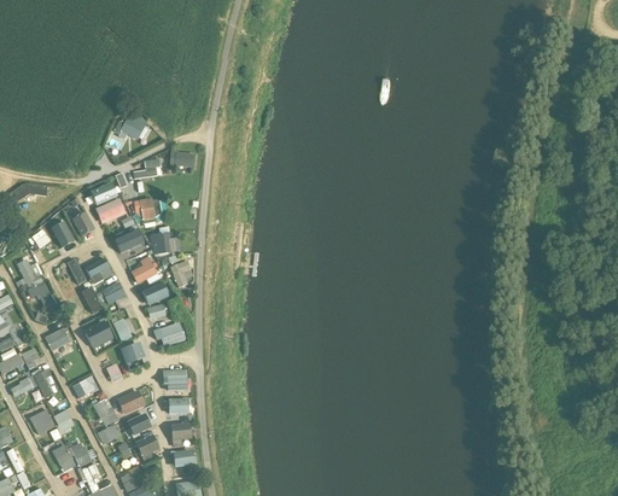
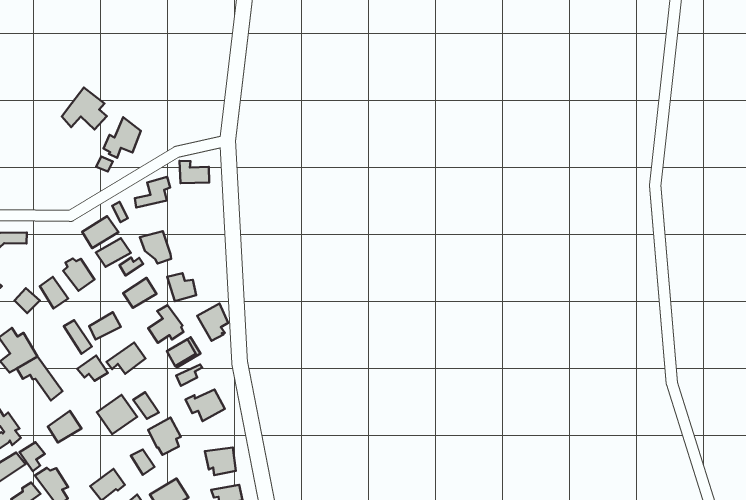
building: none -> [62,87,107,130]

